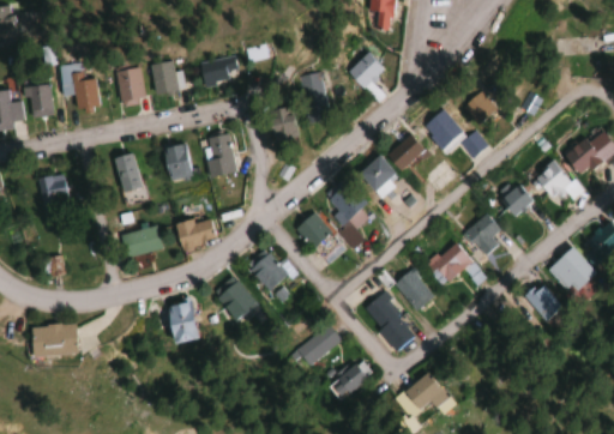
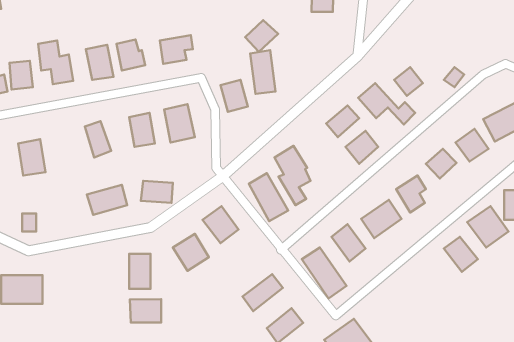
building: [349,53,386,89] -> [245,20,278,52]
building: [360,155,397,192] -> [345,131,378,164]
building: none -> [130,299,161,323]

